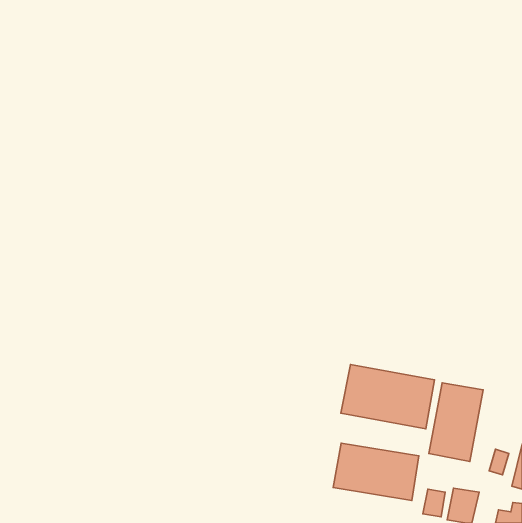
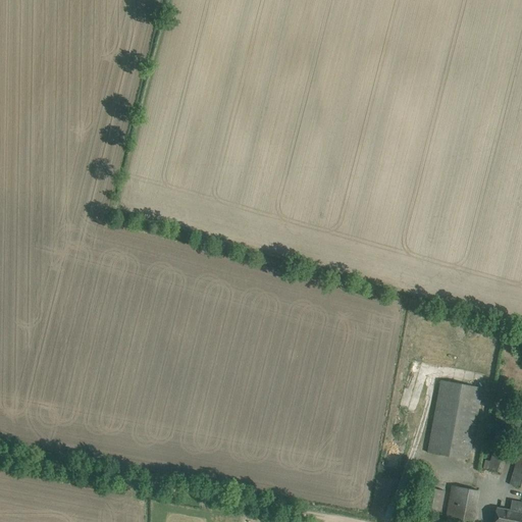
building: [341,364,434,429] -> none
building: [333,443,419,501] -> none

